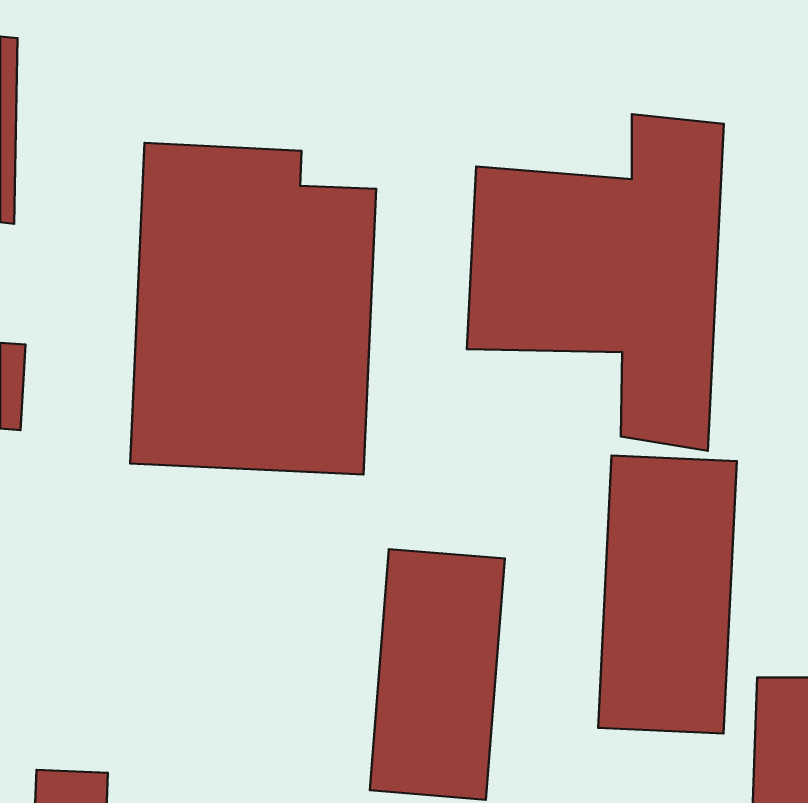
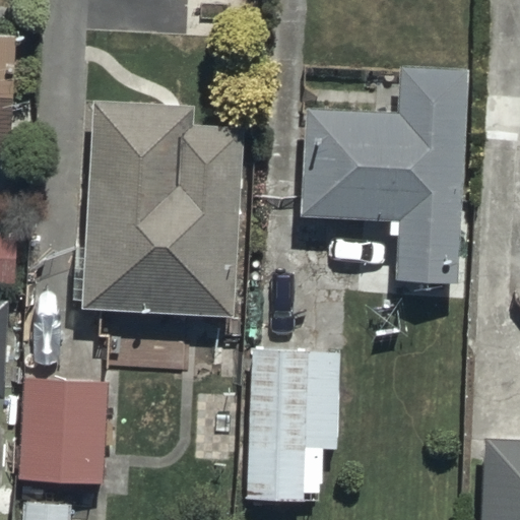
building: [598,455,737,734] -> none
building: none -> [18,374,109,483]

